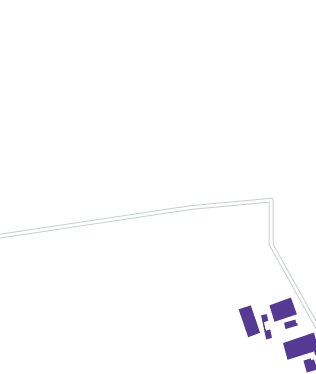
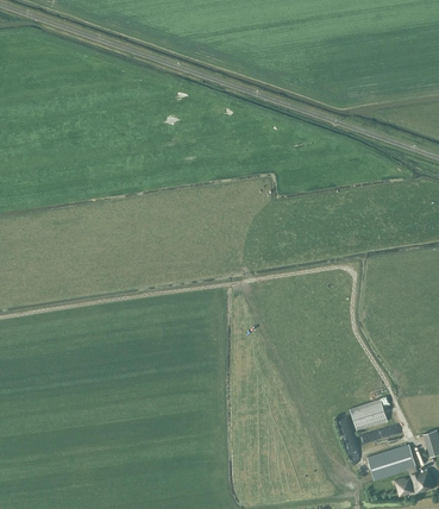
building: [238,305,261,338] -> none

